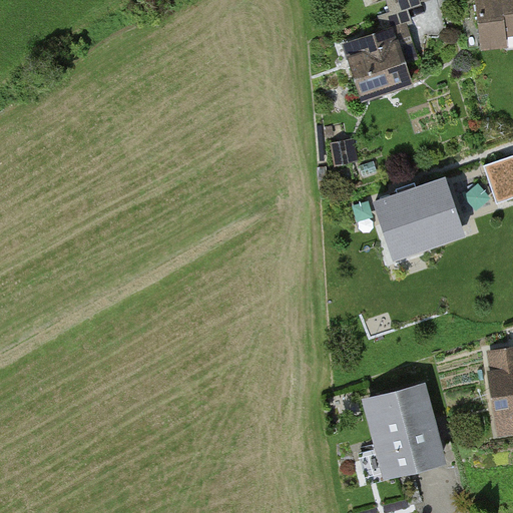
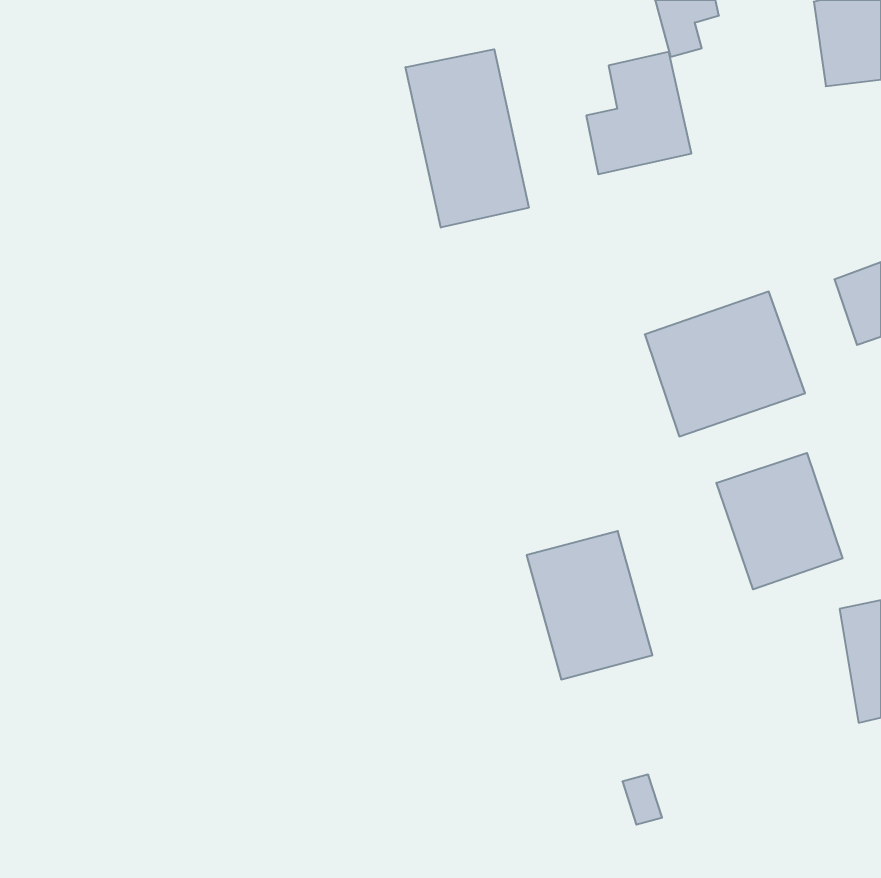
building: none -> [406,49,529,228]
building: none -> [716,453,843,589]
building: [369,390,442,476] -> [527,531,652,679]

